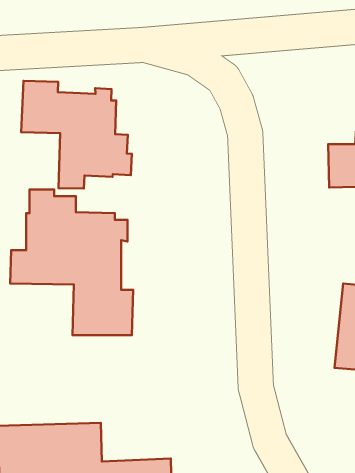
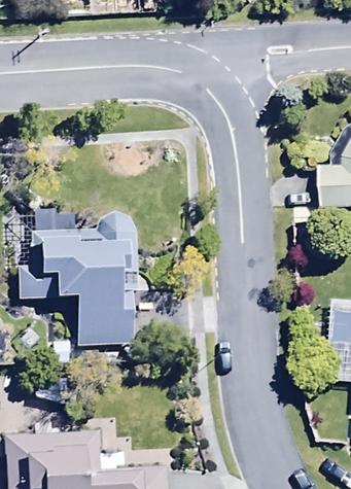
building: [21,81,132,189] -> none

